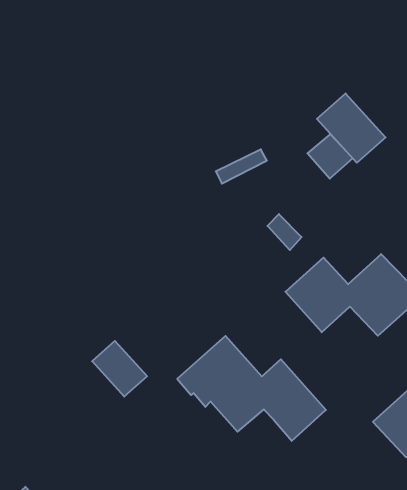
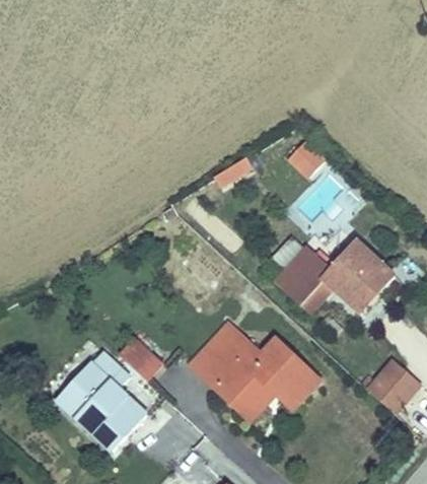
building: [317,93,386,163] -> none
building: none -> [48,350,158,452]
building: none -> [215,381,276,420]

